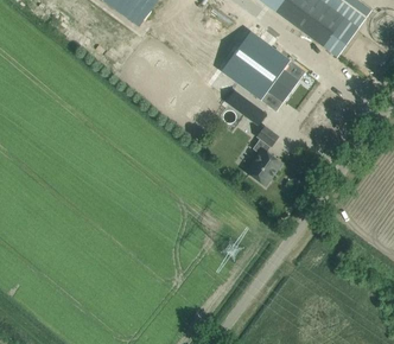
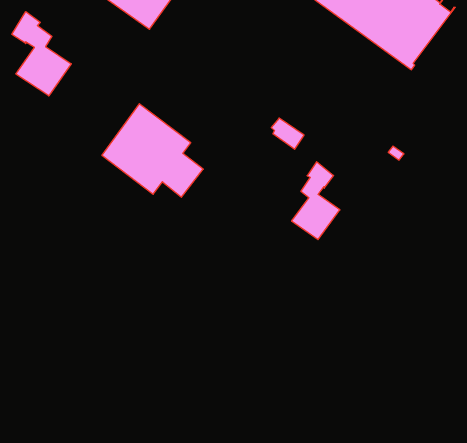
building: none -> [12,12,71,96]
building: [222,32,299,103] -> [102,104,203,197]

